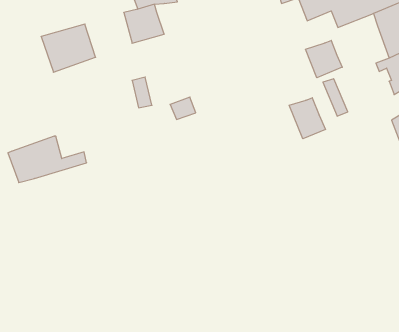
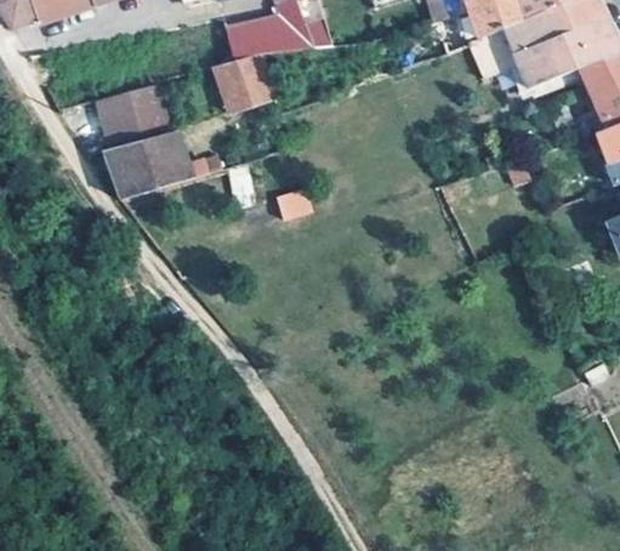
building: [306,40,342,78] -> none
building: [289,98,325,139] -> none
building: [8,136,87,183] -> [106,131,221,199]

